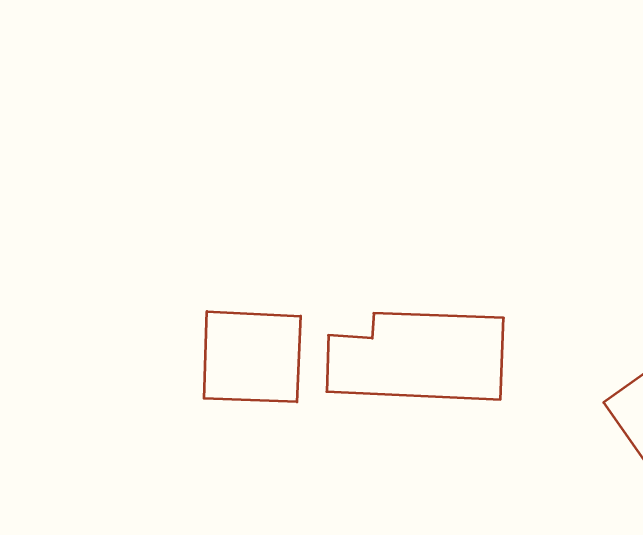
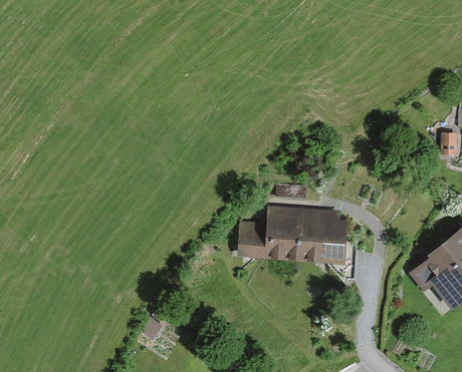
building: [204,311,301,402] -> none

